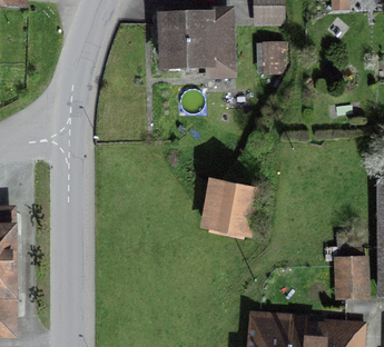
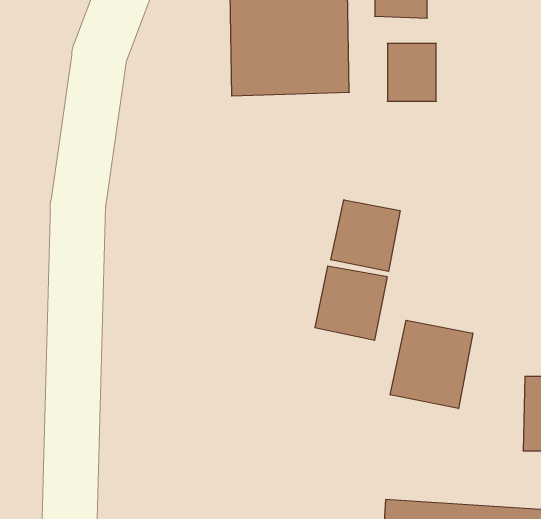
building: none -> [331,200,400,271]
building: none -> [390,320,473,409]

